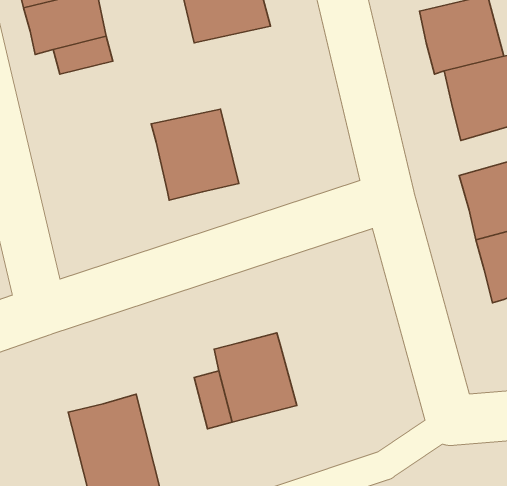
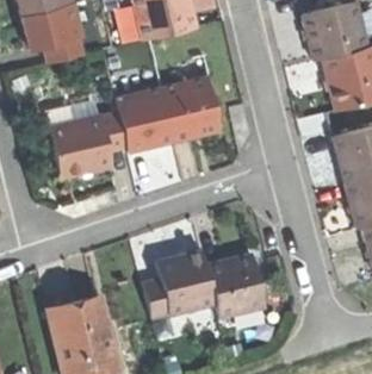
building: none -> [161,79,218,143]
building: none -> [50,113,123,177]
building: none -> [204,245,266,316]

